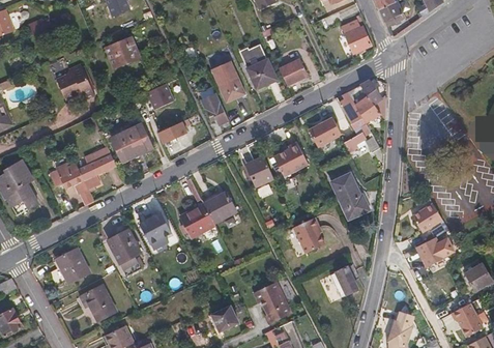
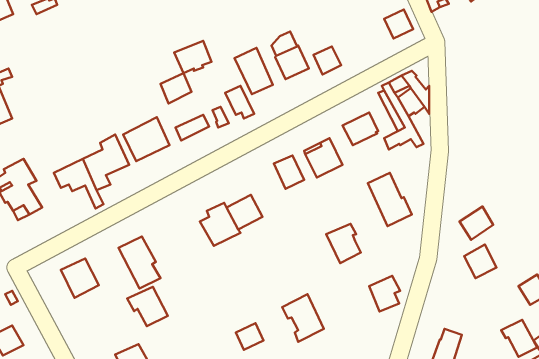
building: [105,36,138,65] -> [174,41,211,73]
building: [56,62,93,103] -> none
building: [140,213,169,248] -> none
building: [79,285,115,320] -> [127,287,168,326]

